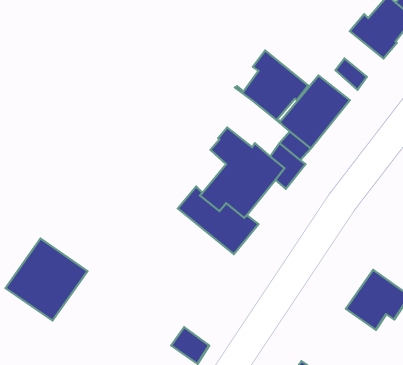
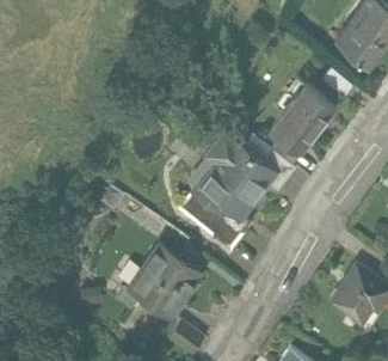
building: [235,50,308,122] -> none
building: [5,238,88,321] -> [125,241,201,317]

